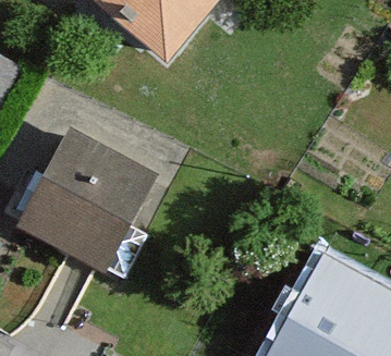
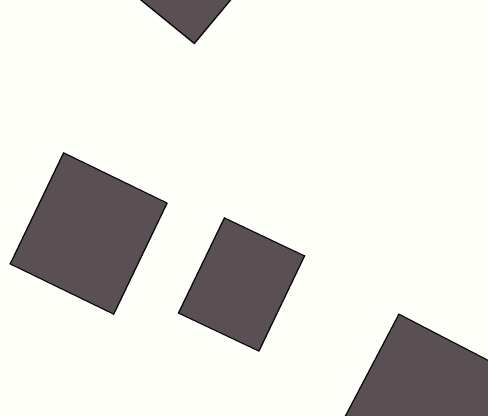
building: none -> [179,218,305,351]

